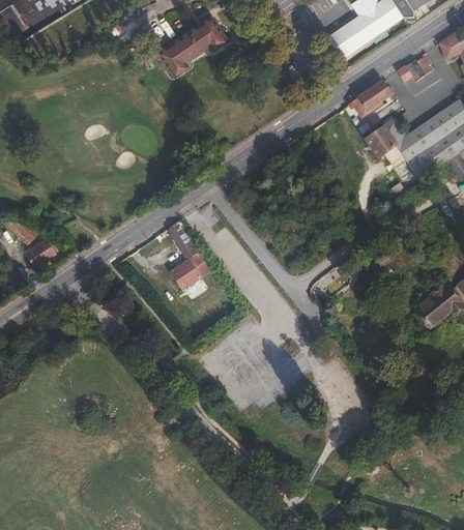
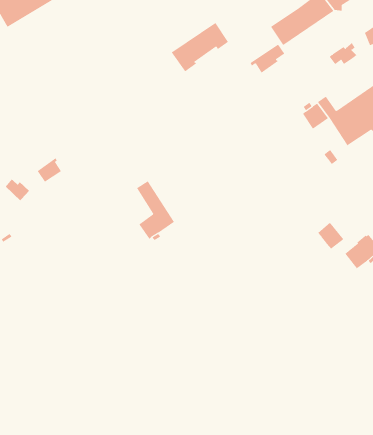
building: [156,14,226,75] -> [171,22,229,72]
building: [348,82,390,117] -> [250,44,285,73]
building: [25,236,55,266] -> [37,157,62,182]
building: none -> [318,222,344,250]

